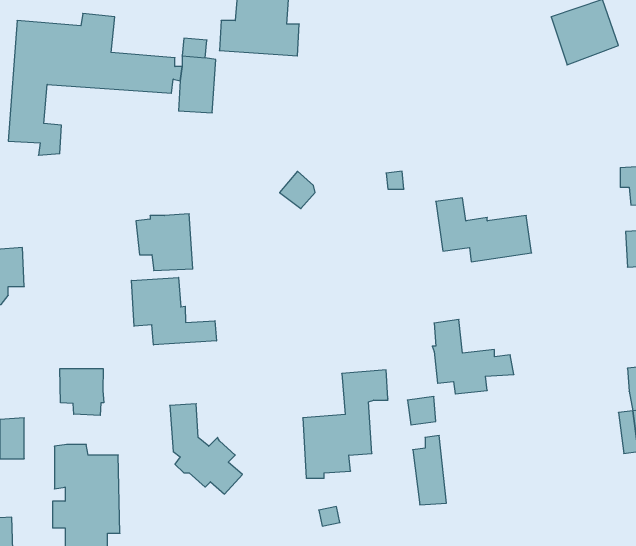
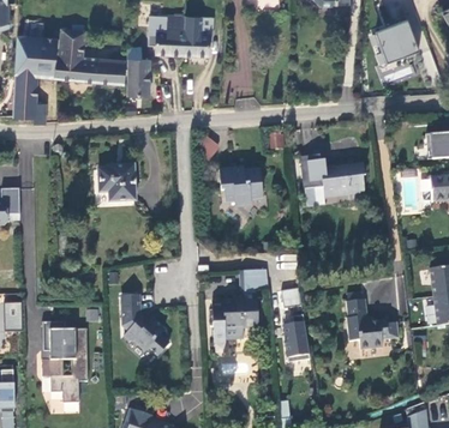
building: none -> [218,169,261,206]
building: [131,277,216,345] -> none
building: [432,319,514,394] -> [346,299,401,349]
building: [60,369,104,415] -> none

